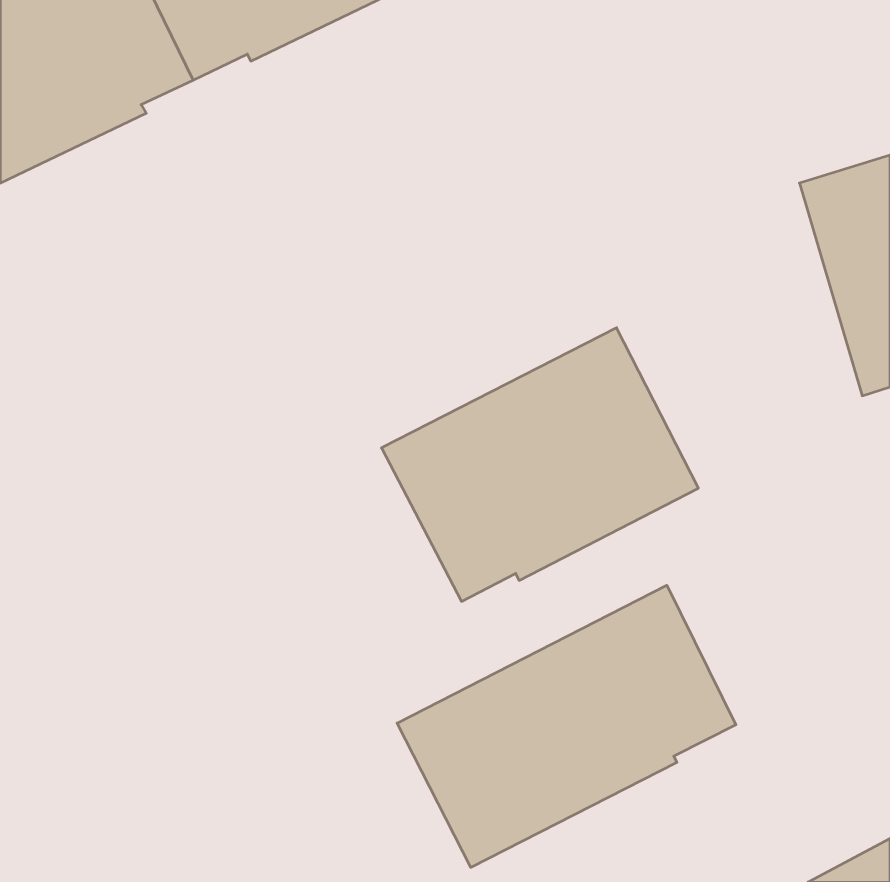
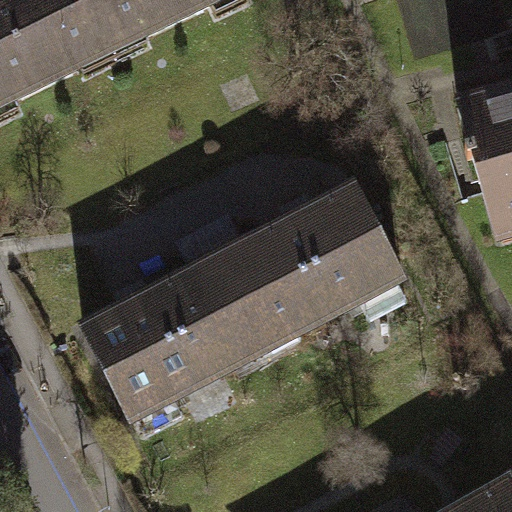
building: none -> [86,257,265,418]
building: [397,585,736,867] -> none

